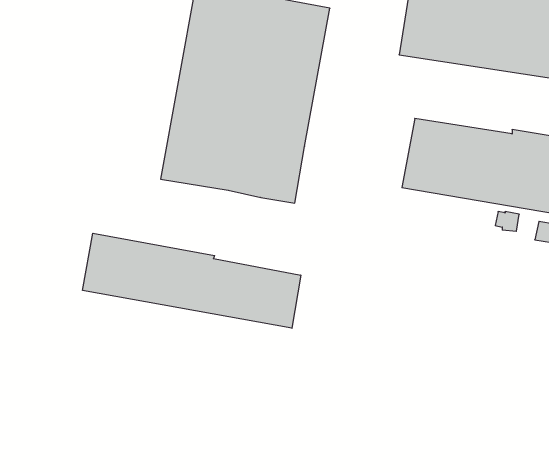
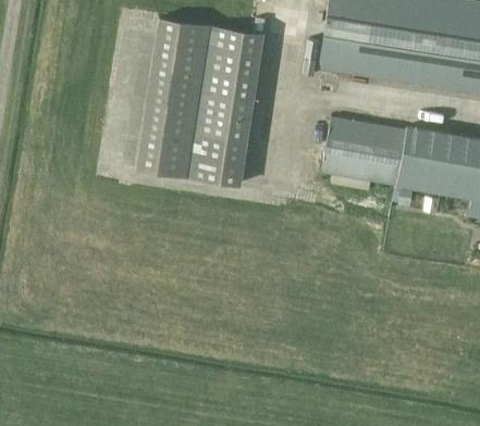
building: [83,233,301,328] -> none

